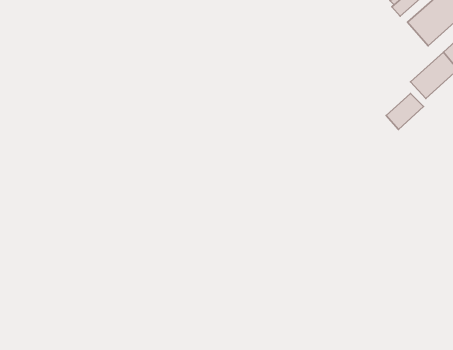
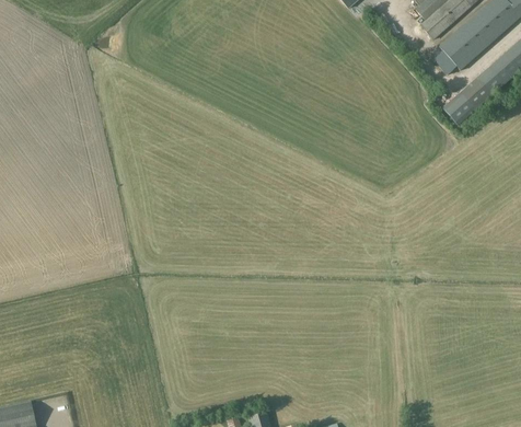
building: [386,93,424,129] -> none

